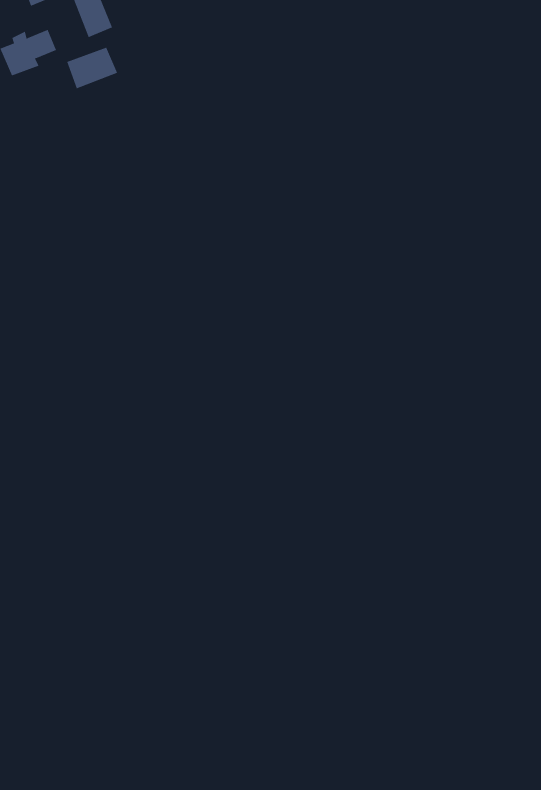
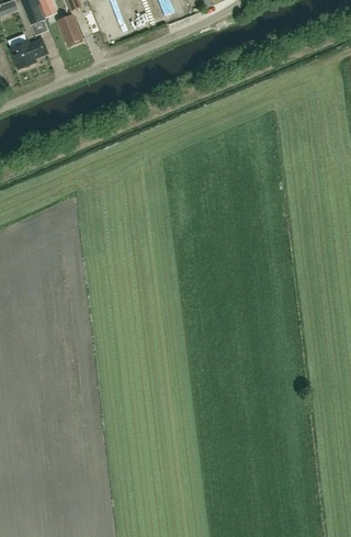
building: [67,47,118,89] -> none

